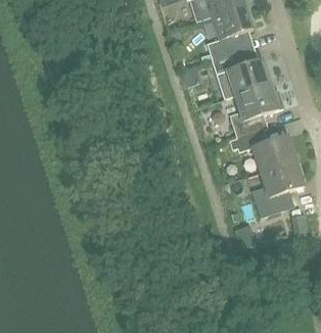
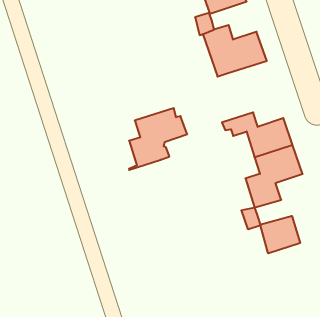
building: [230,83,283,139] -> [129,108,187,170]
building: none -> [241,208,300,253]

